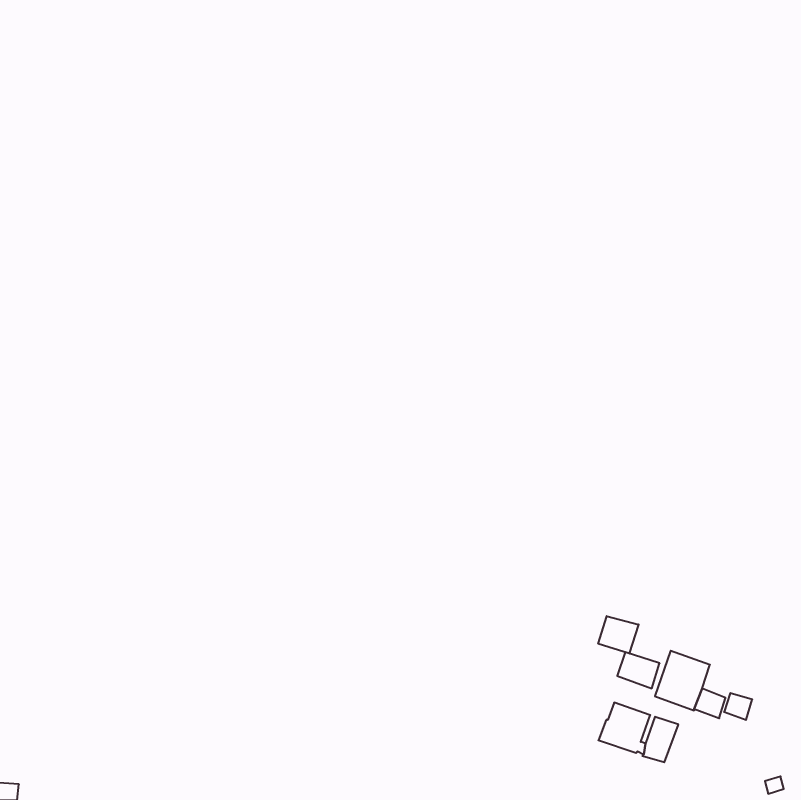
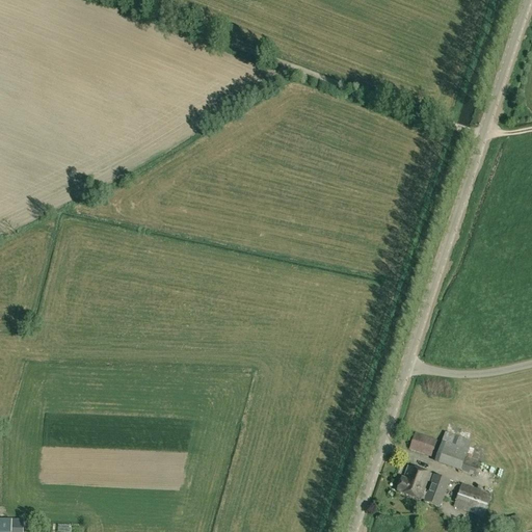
building: [598,616,639,654] -> none
building: none -> [452,481,490,515]

